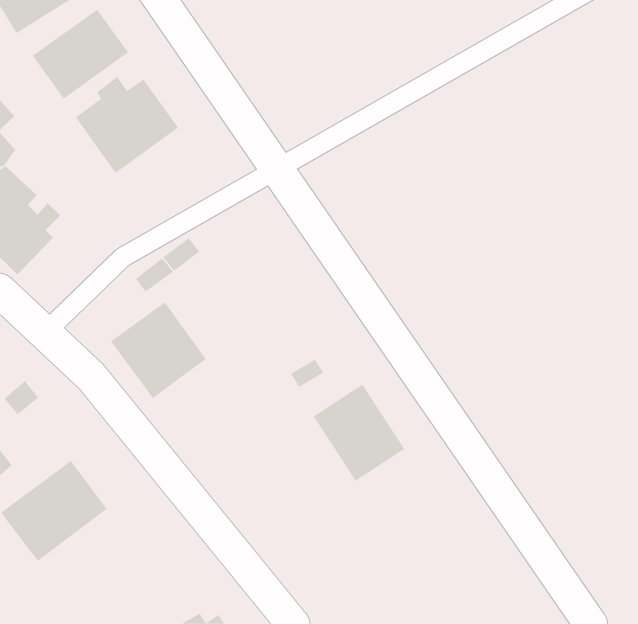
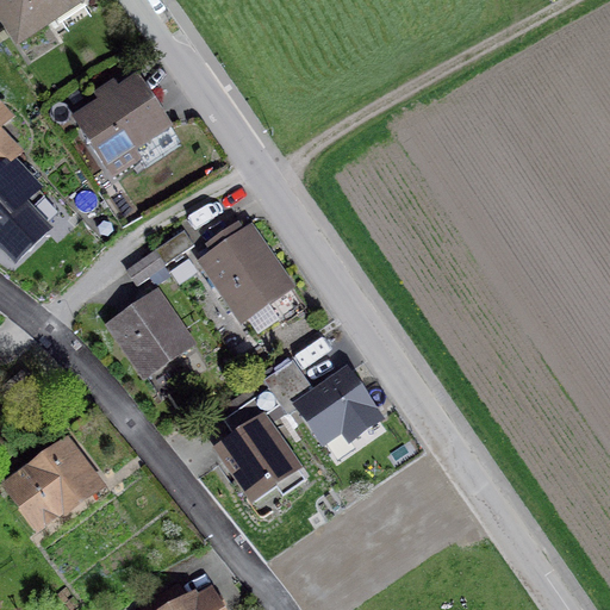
building: [32,9,129,99] -> none
building: none -> [192,214,299,326]
building: none -> [211,384,309,508]

